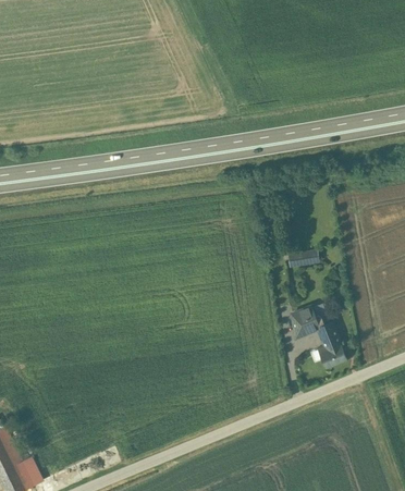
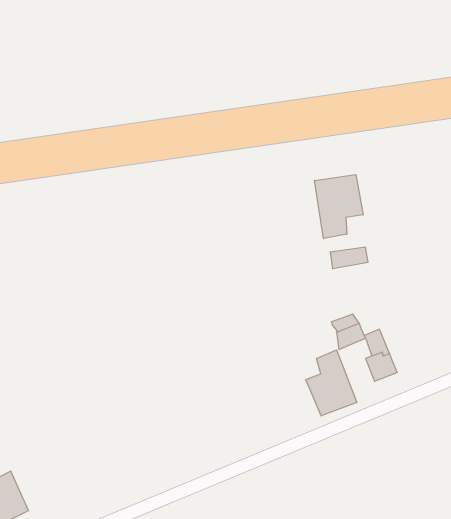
building: none -> [314,175,363,239]
building: none -> [306,350,357,416]

